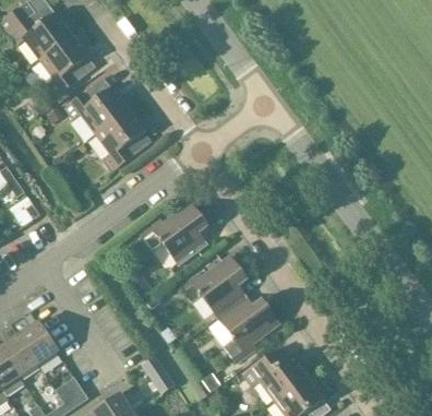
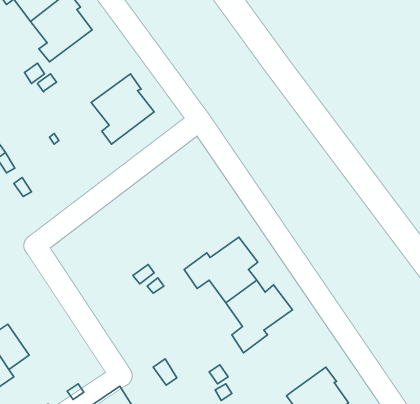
building: [64,78,130,133] -> none
building: [140,203,206,264] -> none
building: [17,323,57,365] -> none
building: [242,344,309,402] -> none

